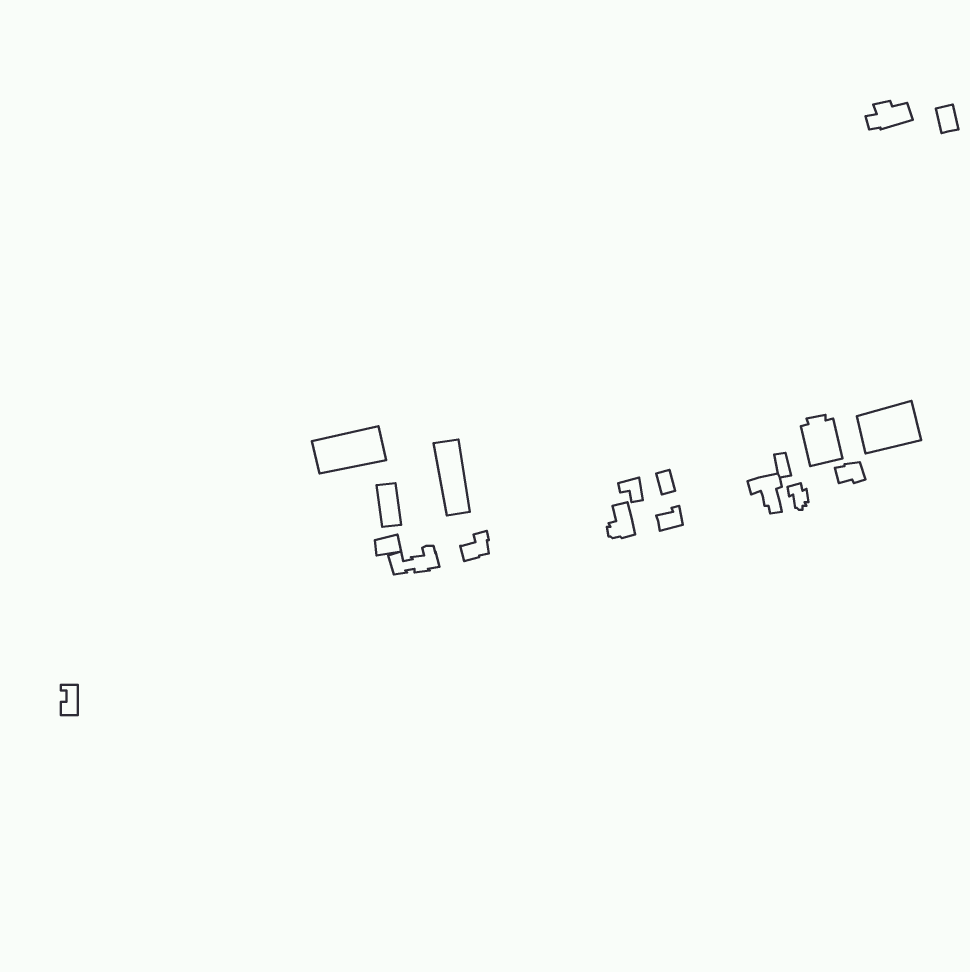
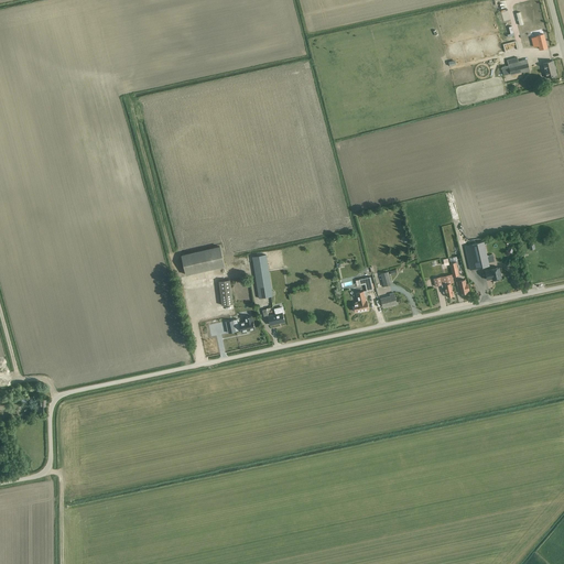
building: [857,401,921,453] -> none

